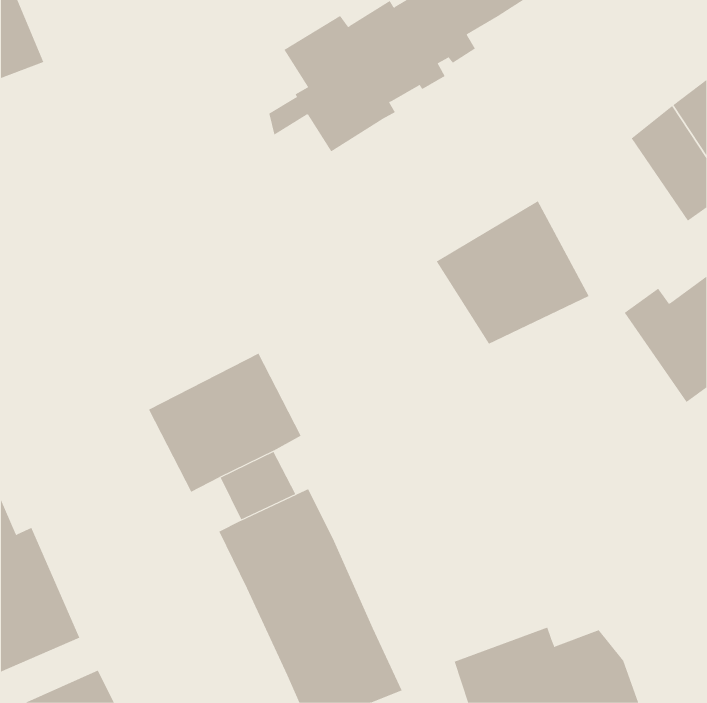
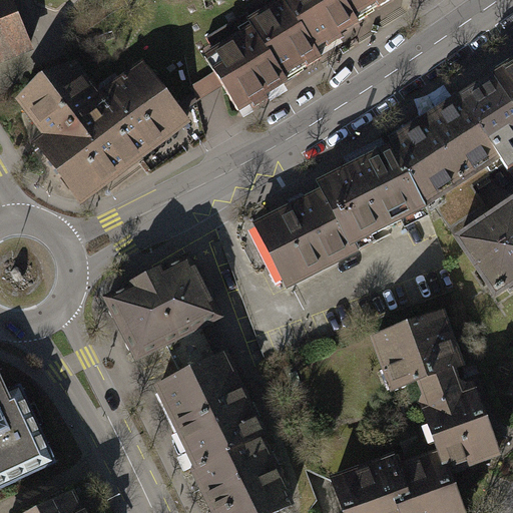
building: none -> [19,57,184,198]
building: none -> [390,100,498,204]
building: none -> [250,189,357,291]
building: none -> [365,310,501,478]

